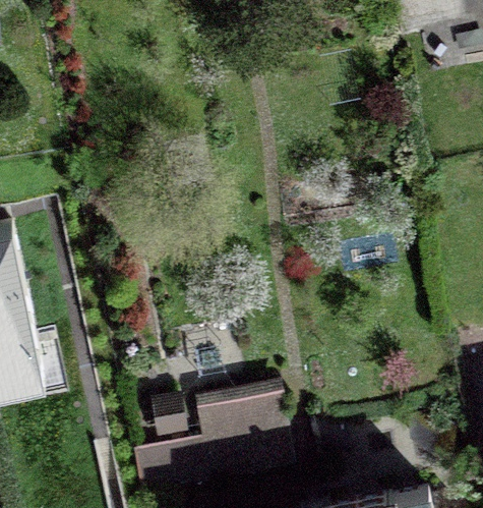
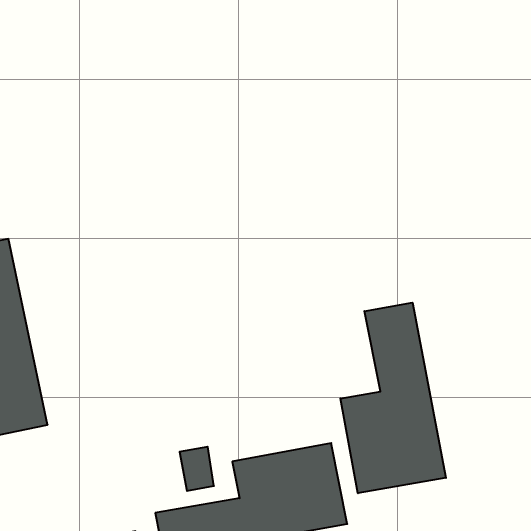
building: none -> [340,303,446,493]

